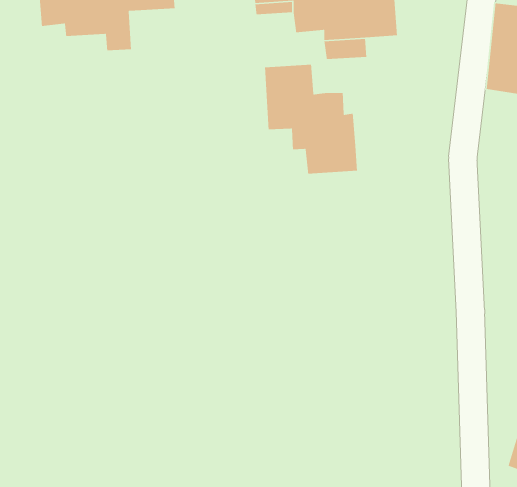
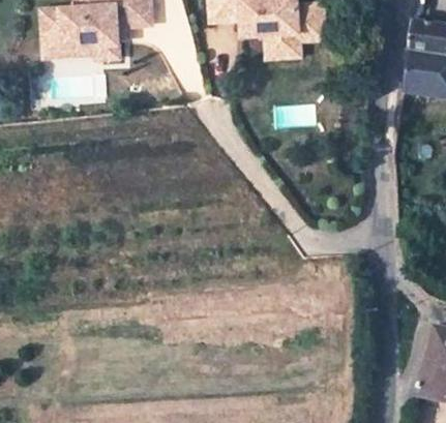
building: none -> [41,35,94,60]
building: [264,64,358,175] -> none

